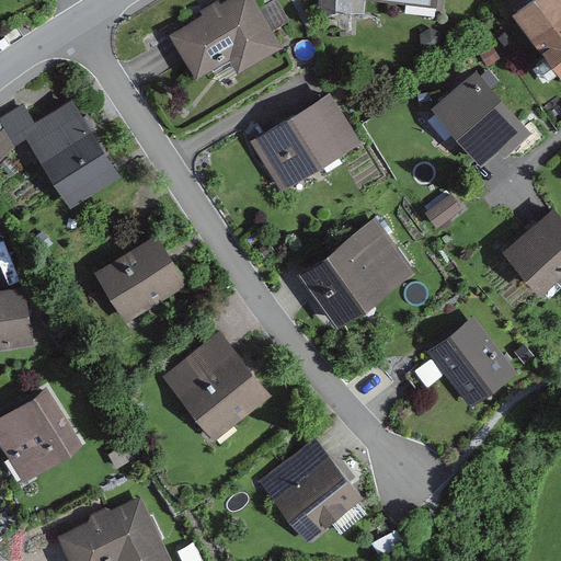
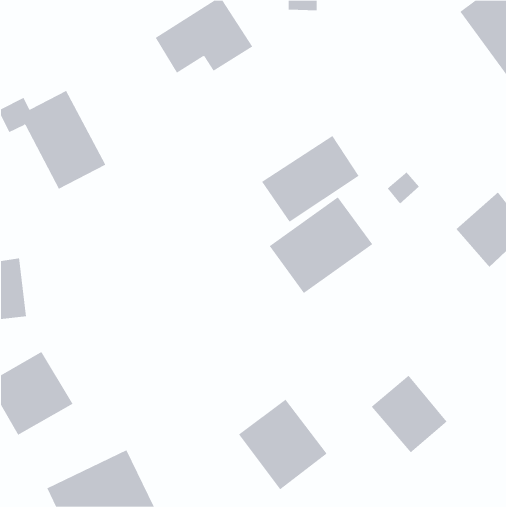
building: [434,72,524,165] -> none
building: [250,94,358,191] -> [261,135,359,222]
building: [95,234,186,320] -> none
building: [428,321,513,408] -> [371,375,447,453]
building: [165,333,270,438] -> none

